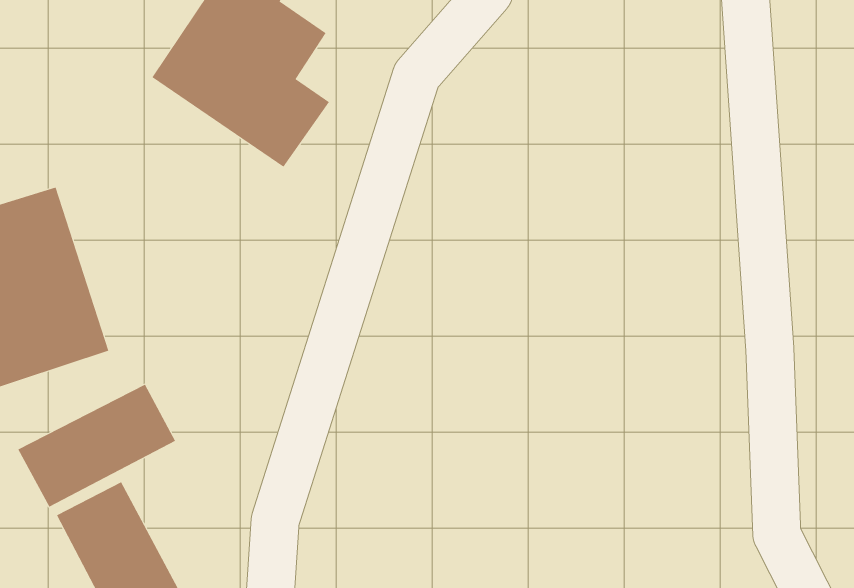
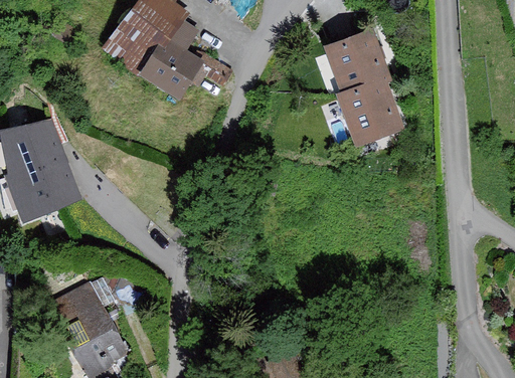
building: none -> [325,31,392,144]
building: [17,384,176,507] -> none

